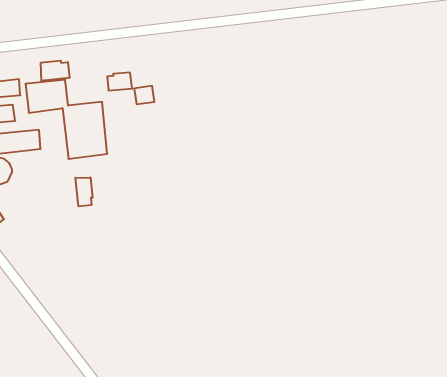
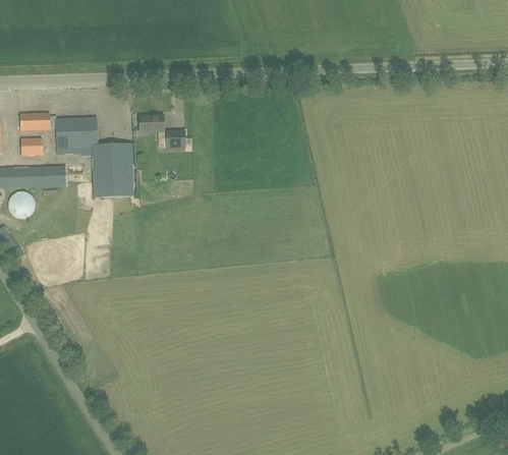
building: [41,61,70,81] -> none
building: [75,177,93,206] -> none

